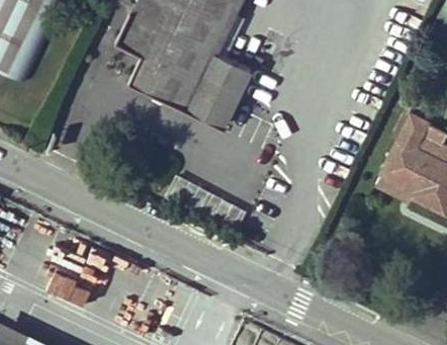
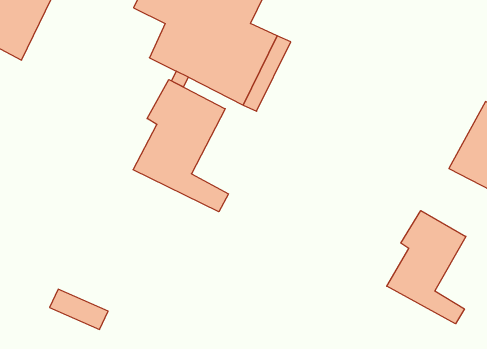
building: none -> [133,80,228,212]
building: none -> [387,211,466,324]

